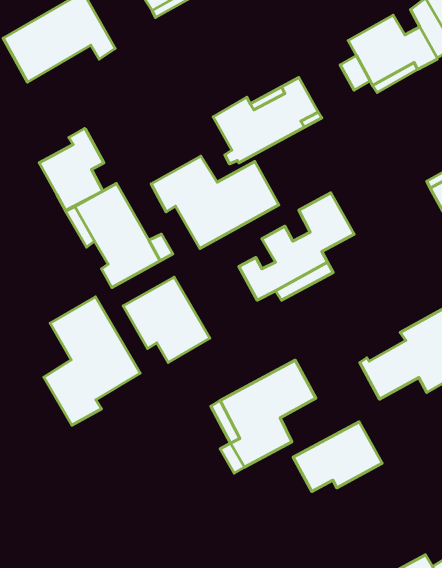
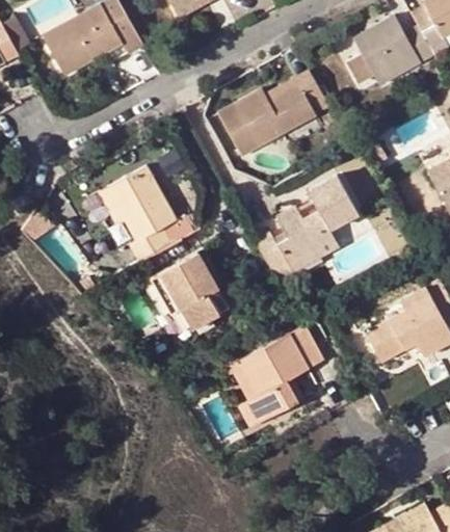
building: [39,129,104,211] -> none
building: [151,156,279,249] -> none
building: [44,297,140,425] -> none
building: [293,422,382,491] -> none

